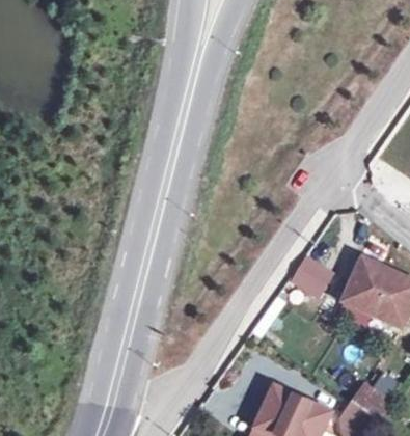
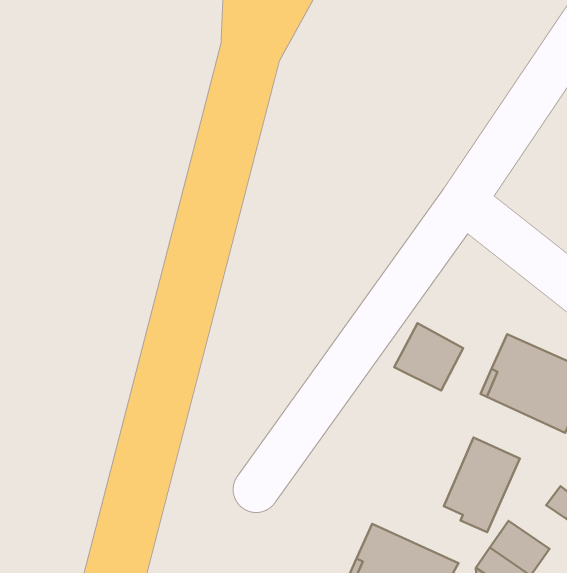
building: none -> [444,437,520,532]

